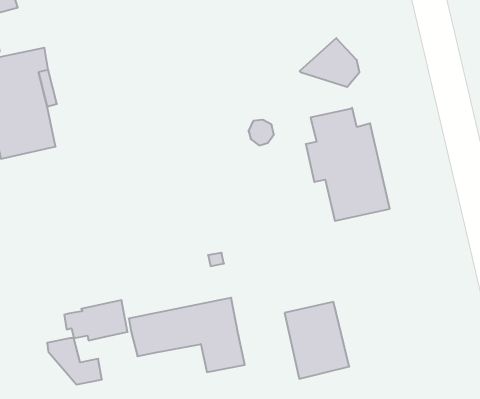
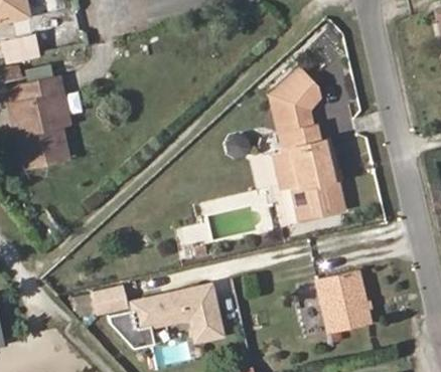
building: none -> [271,97,312,134]
building: [285,302,349,379] -> [317,269,371,333]
building: [47,338,102,384] -> [109,311,154,349]

